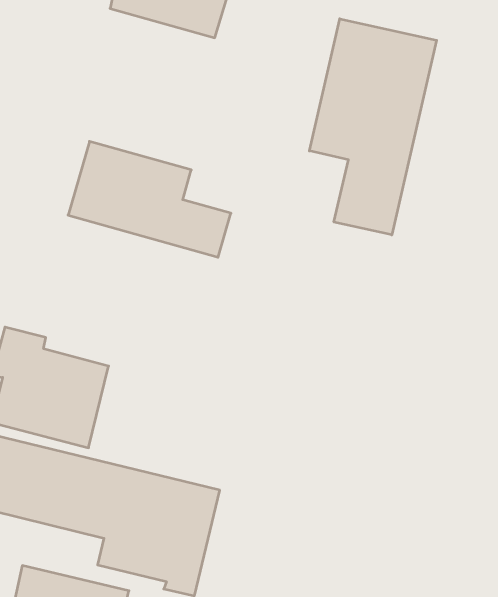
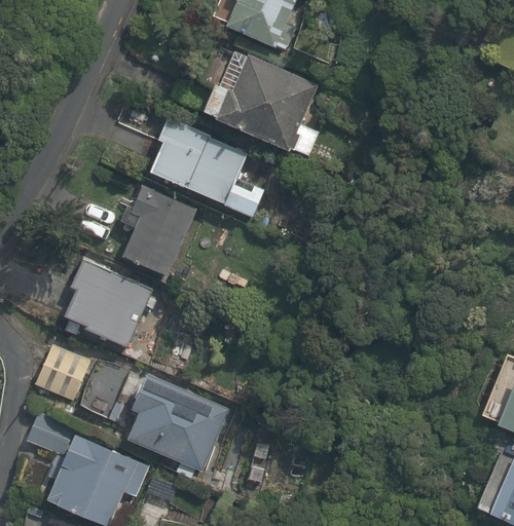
building: [309,19,437,235] -> none
building: none -> [200,41,325,158]
building: none -> [117,188,196,279]

